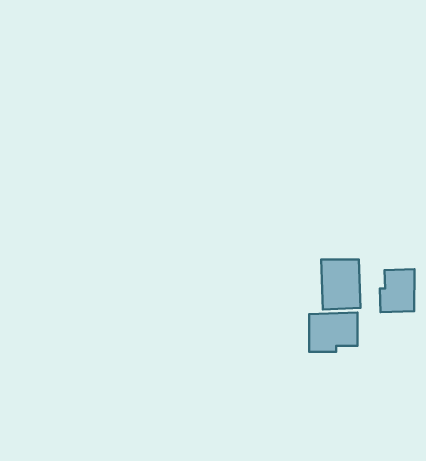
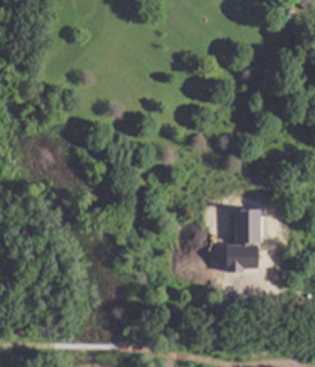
building: [380,269,414,312] -> none

